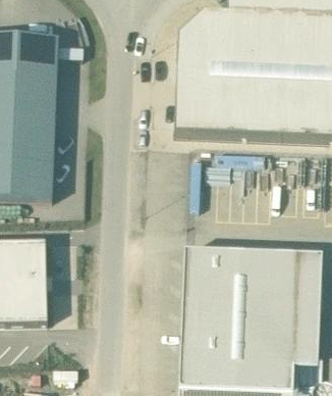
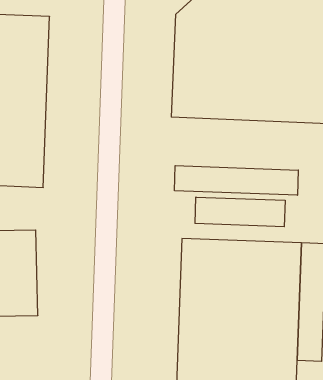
building: none -> [175,166,298,195]
building: none -> [195,197,285,227]

